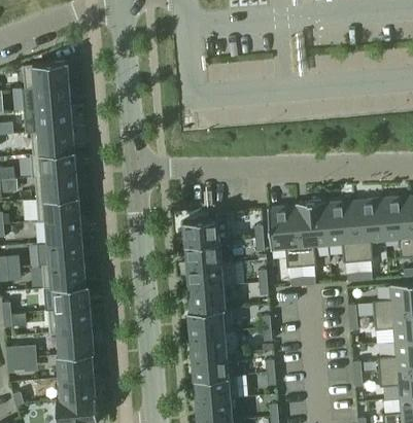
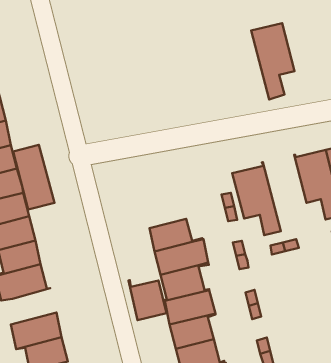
building: none -> [13,145,55,210]
building: [295,201,328,267] -> [251,23,295,99]
building: [182,218,218,245] -> none
building: [47,284,90,311] -> none
building: none -> [128,280,167,320]

